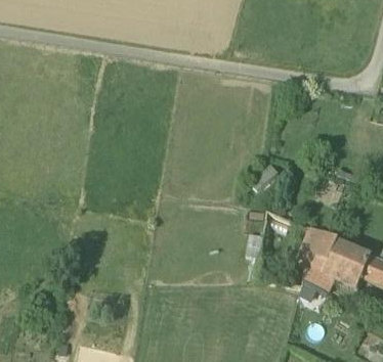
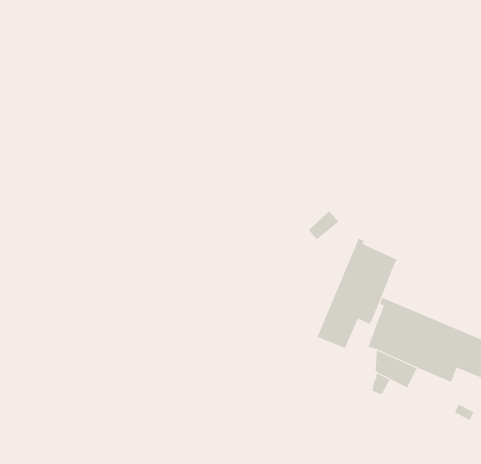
building: none -> [317,238,397,349]

